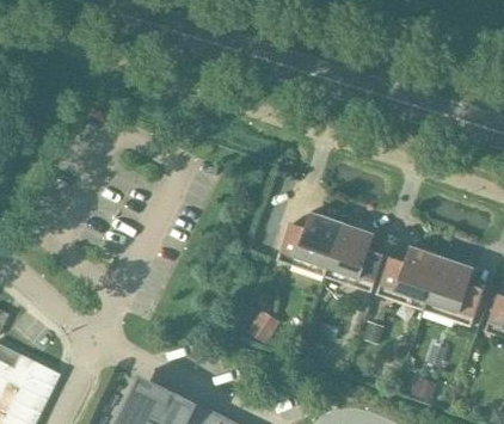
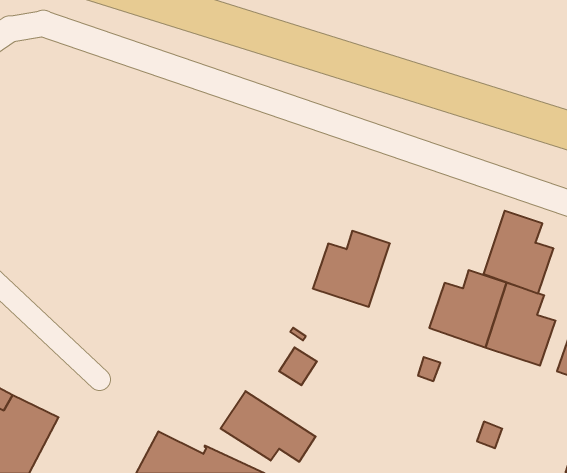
building: [325,223,385,294] -> [483,211,554,293]
building: none -> [221,391,316,462]

